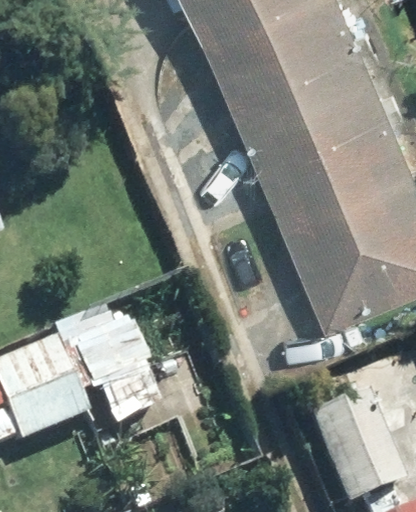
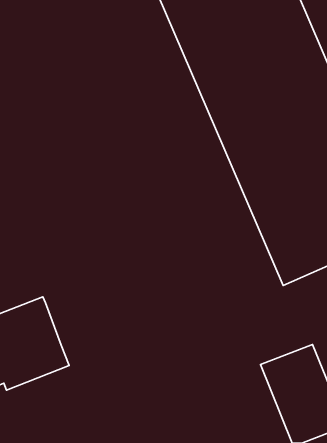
building: [53,317,153,426] -> none

